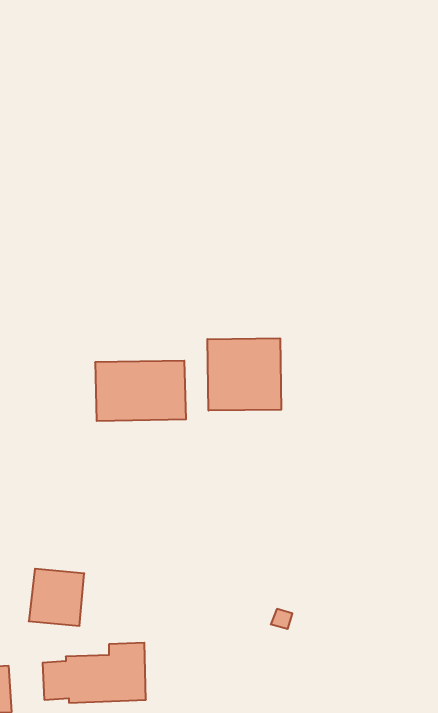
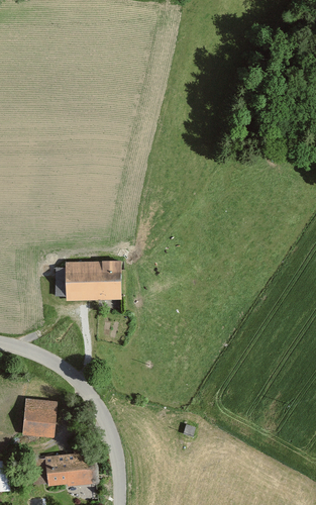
building: [207,338,281,411] -> none

